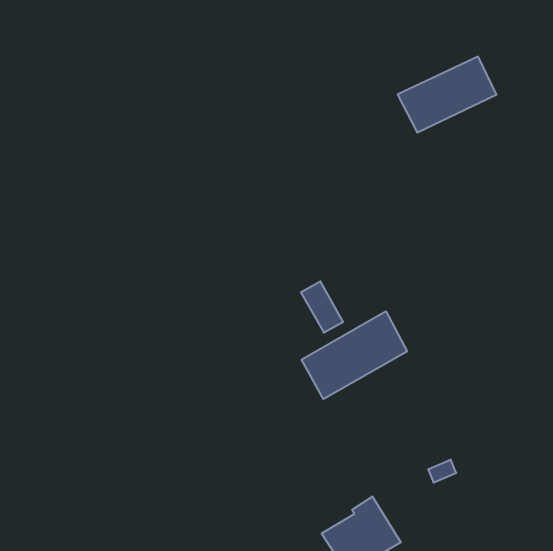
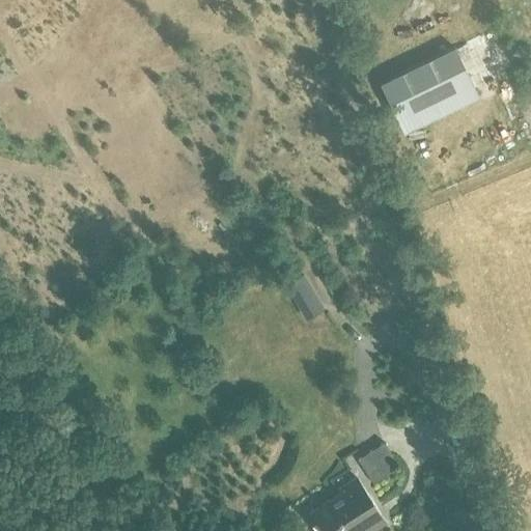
building: [302,311,407,399] -> none
building: none -> [357,443,396,482]

